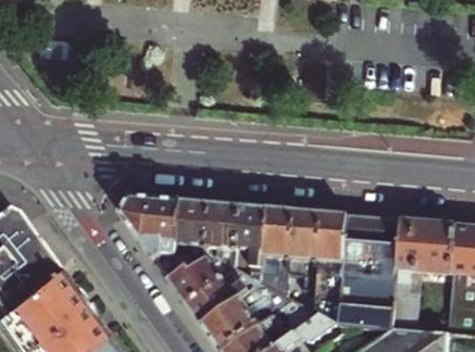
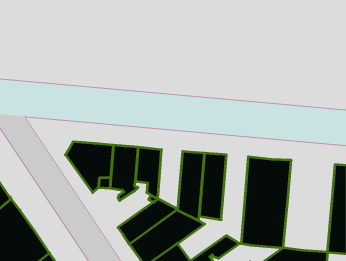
building: [239,204,270,269] -> none
building: [316,211,351,320] -> none
building: [395,217,459,329] -> none
building: [171,255,224,301] -> none

